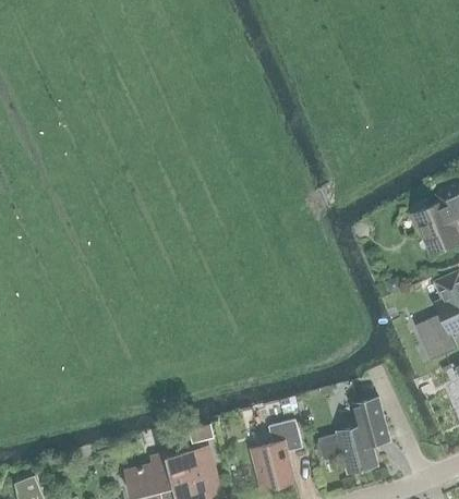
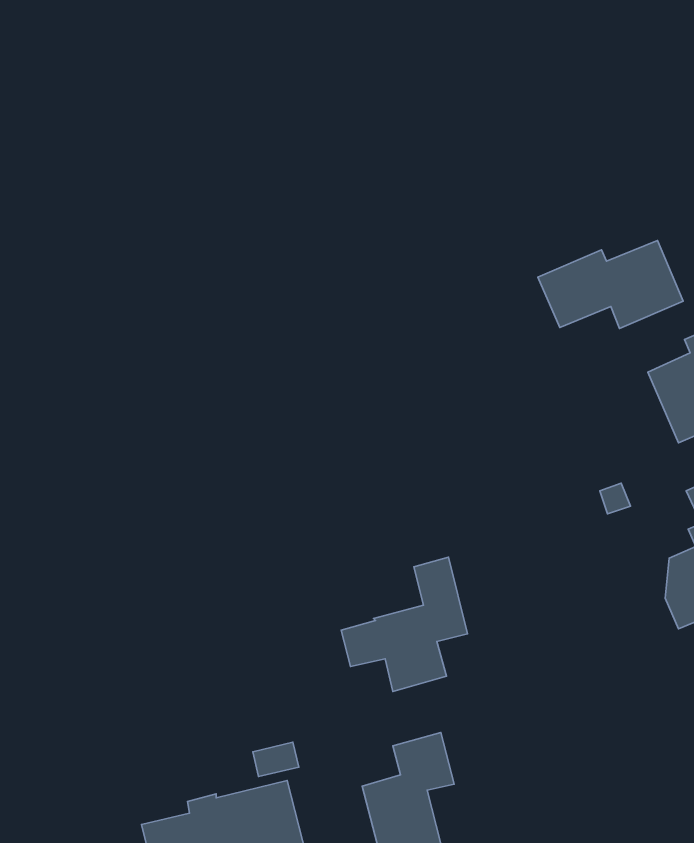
building: none -> [538,240,683,329]
building: [317,398,389,474] -> [341,557,468,691]

